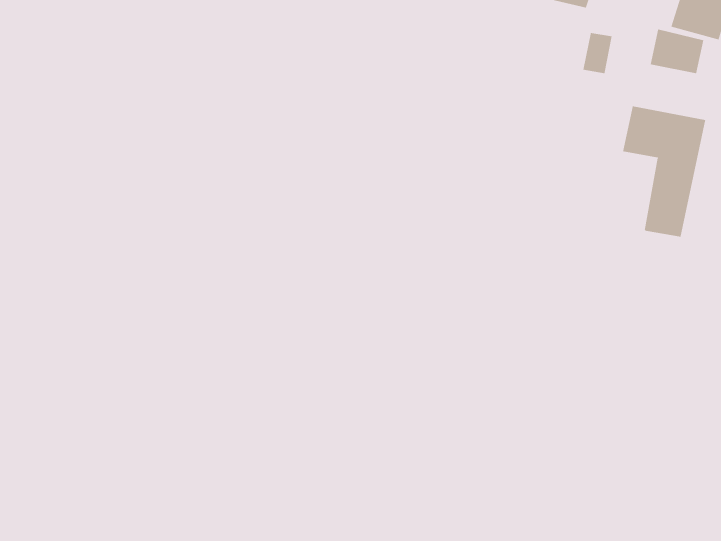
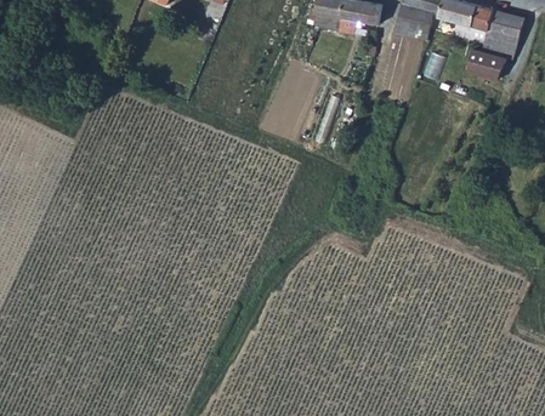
building: [622,105,706,238] -> none

